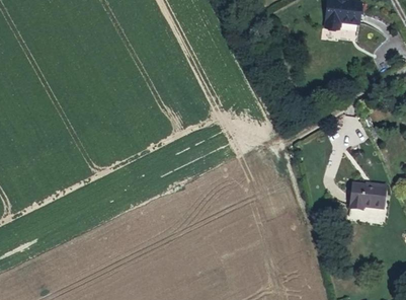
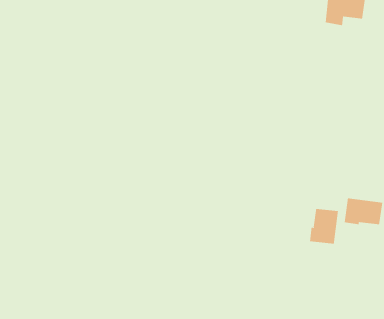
building: none -> [310,208,338,245]

